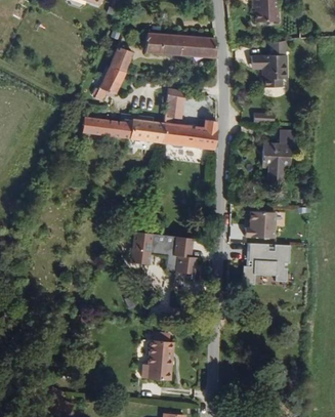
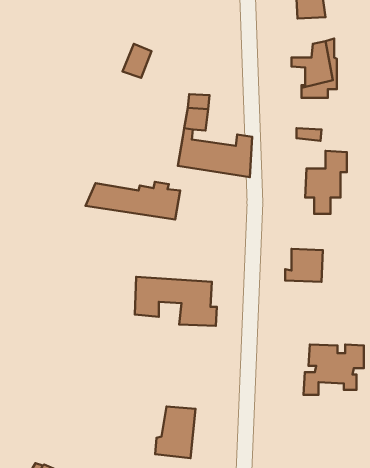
building: [142,31,212,57] -> none
building: [100,67,128,97] -> none
building: [85,113,162,143] -> [86,182,180,220]
building: [242,244,291,285] -> [303,344,364,395]

